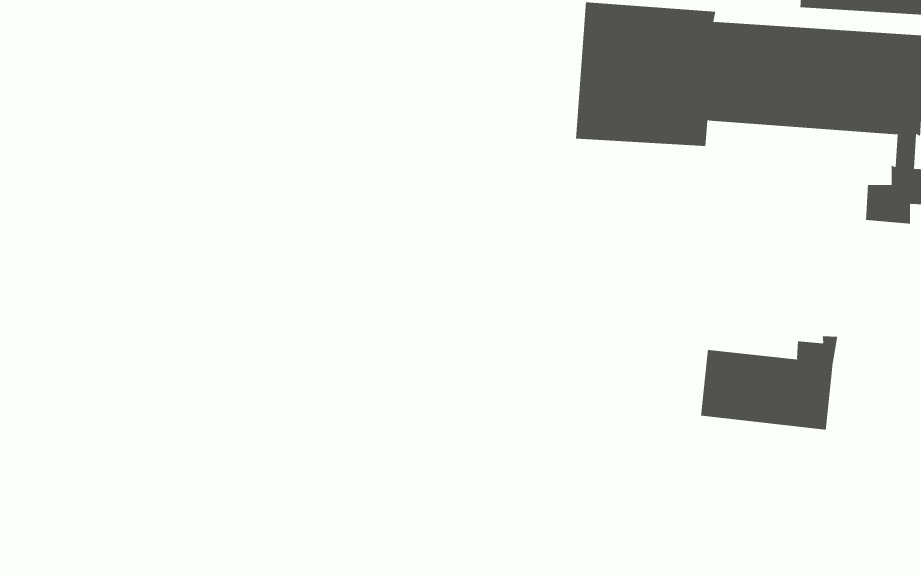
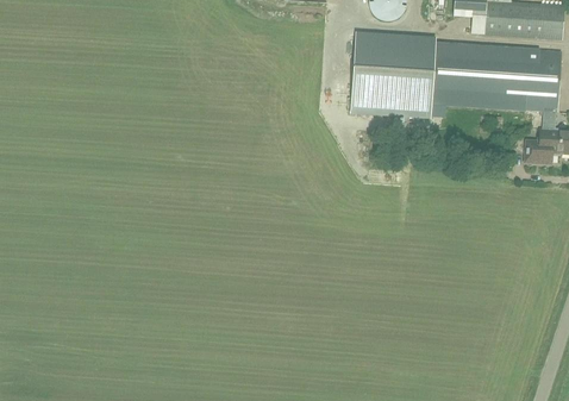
building: [700,336,838,430] -> none

